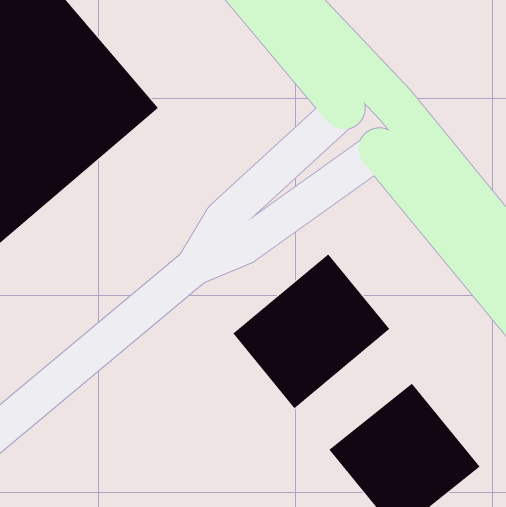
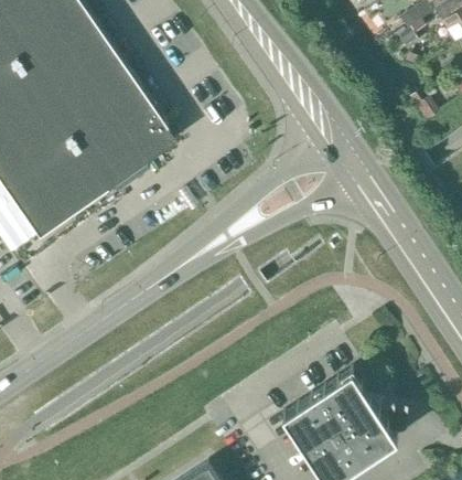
building: [233,253,390,409] -> none

